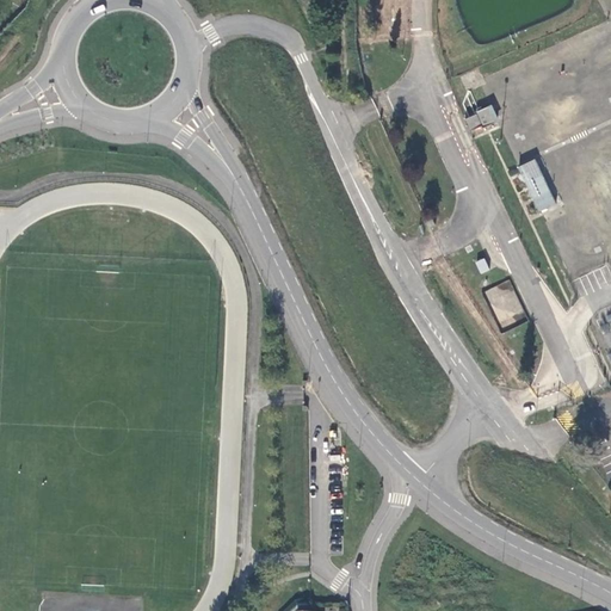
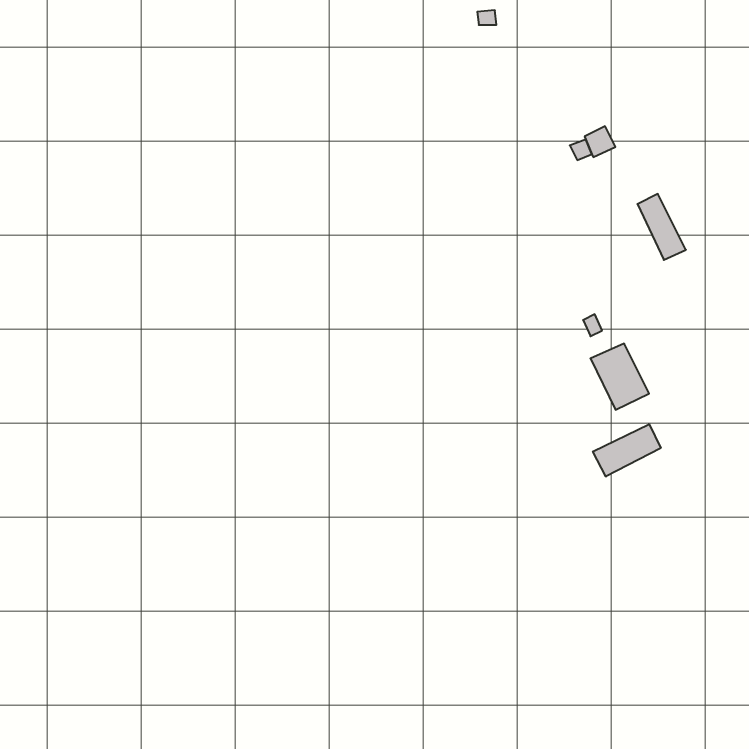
building: none -> [593,424,661,477]

